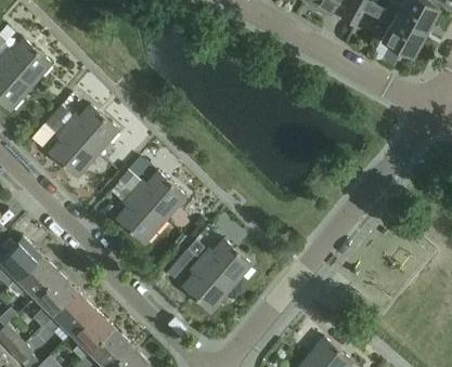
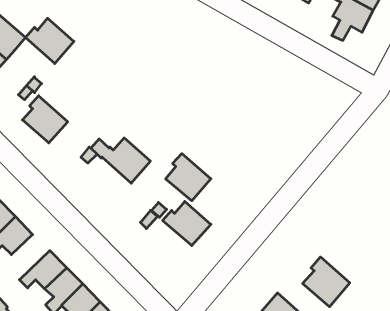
building: [66,105,118,154] -> [25,18,74,64]
building: [116,192,166,243] -> none
building: [182,260,231,311] -> [166,154,211,201]
building: [34,275,78,327] -> none
building: none -> [303,257,350,307]

